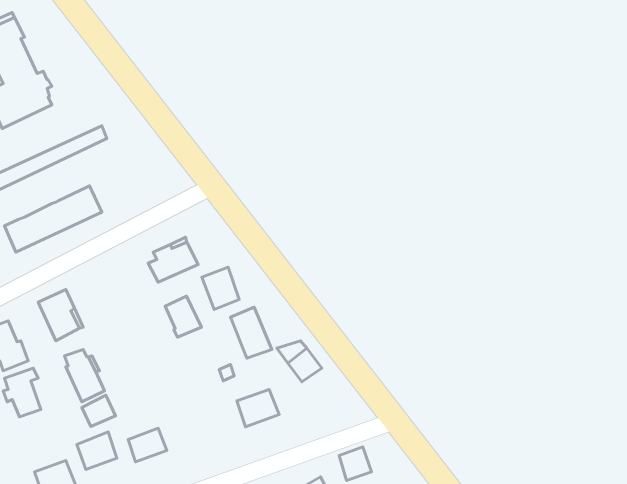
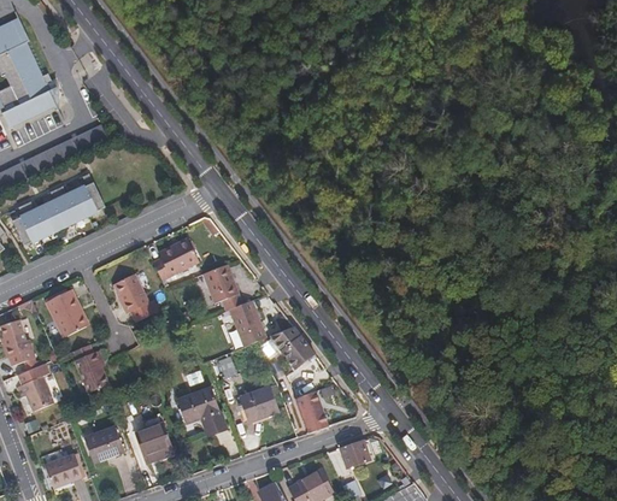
building: [165,296,201,337] -> [113,271,148,311]
building: none -> [176,385,224,434]
building: [82,395,116,426] -> none
building: none -> [296,389,327,431]

